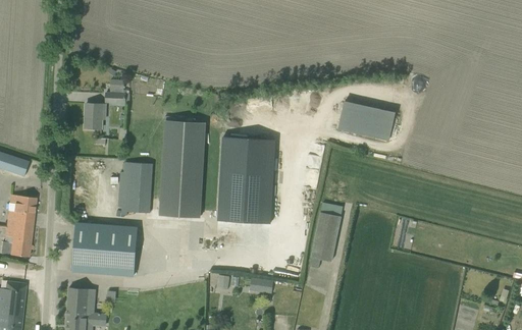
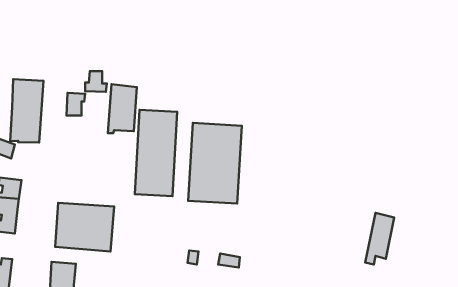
building: none -> [10,79,43,143]
building: [337,100,395,140] -> none
building: [120,162,152,215] -> [108,84,137,133]
building: [309,212,341,268] -> [365,213,394,264]

